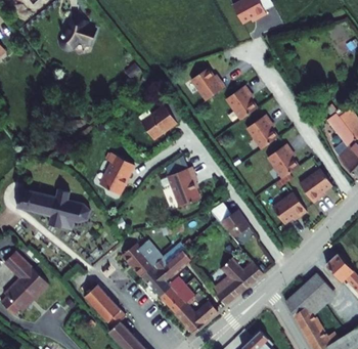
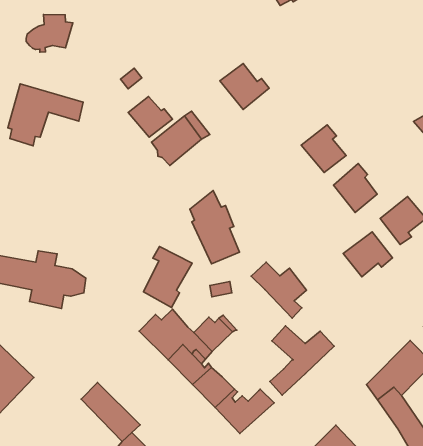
building: none -> [8,84,83,146]
building: [228,84,260,119] -> none
building: none -> [128,96,173,137]
building: [101,150,137,194] -> [143,246,192,308]

